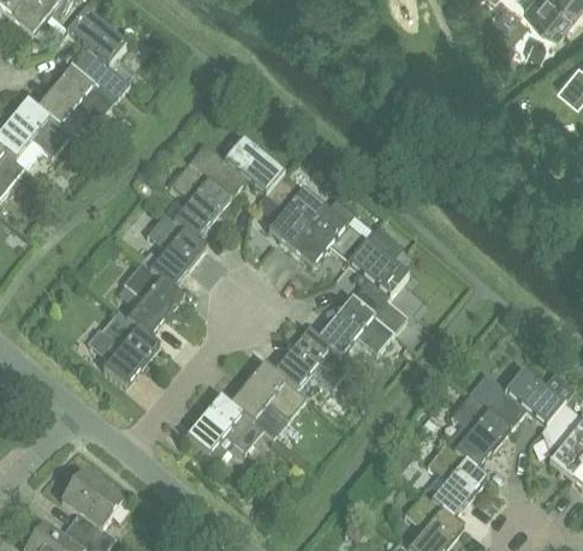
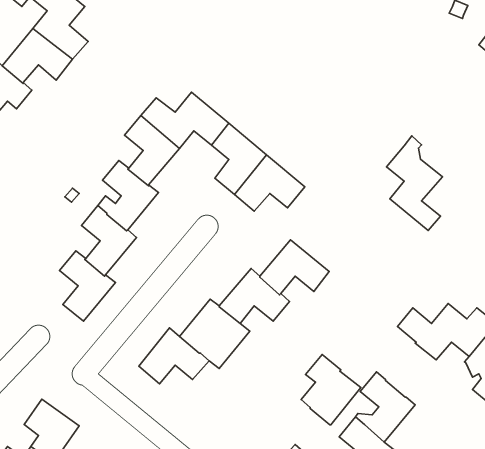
building: [349,228,410,331] -> [386,136,443,231]
building: [446,391,511,468] -> [301,355,361,425]

